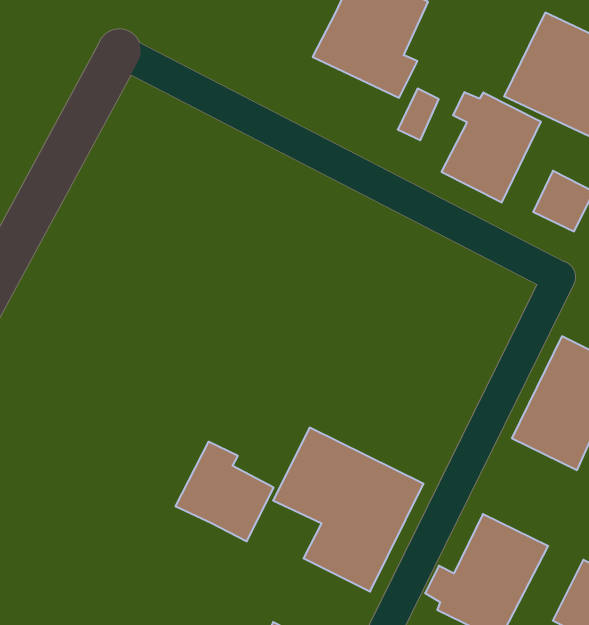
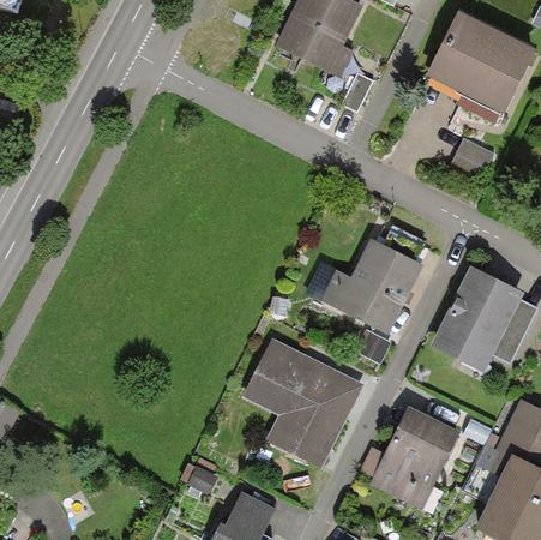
building: [442,92,541,203] -> none
building: none -> [306,238,427,364]
building: [176,442,273,541] -> none

